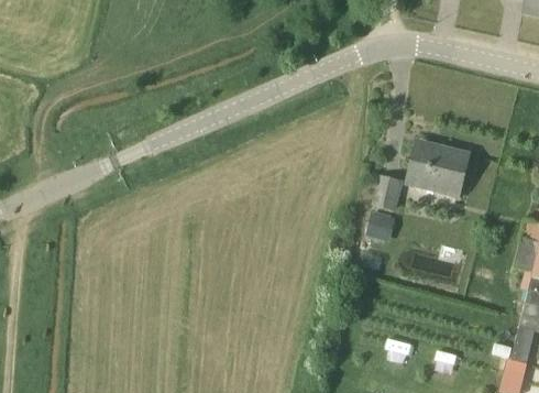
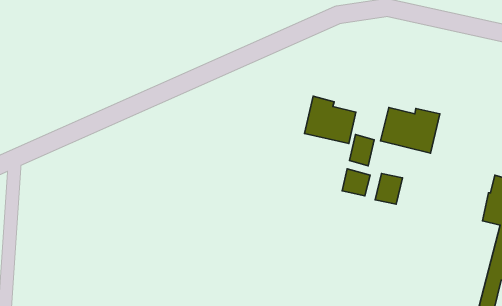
building: none -> [304,96,356,144]
building: none -> [375,174,402,204]

